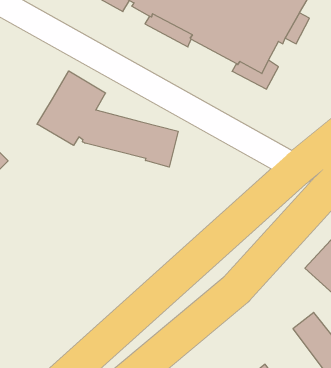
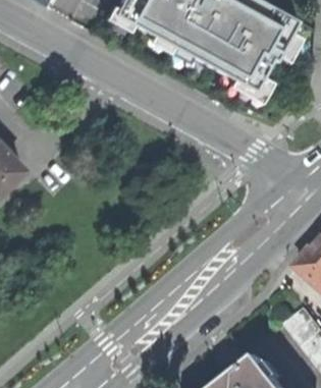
building: [37,71,178,167] -> none

